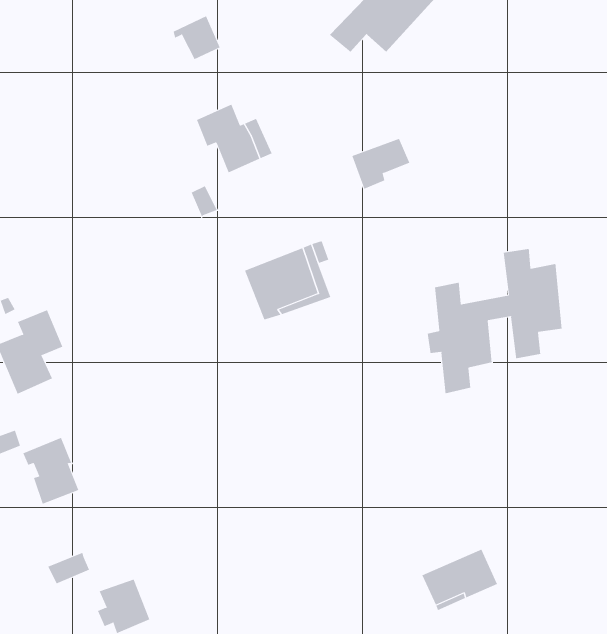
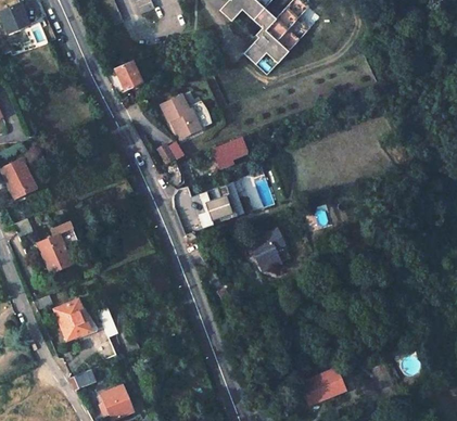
building: [173,16,221,60] -> [112,61,141,88]
building: [352,138,410,189] -> [212,137,247,168]
building: [427,248,562,394] -> none
building: none -> [249,228,290,270]

